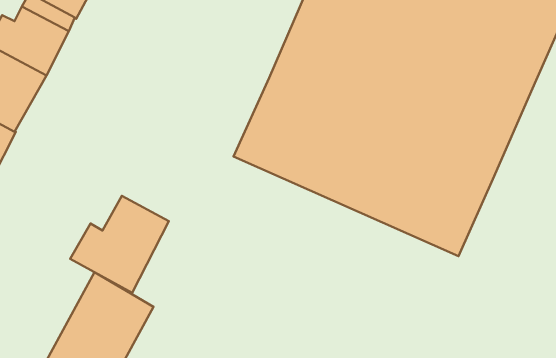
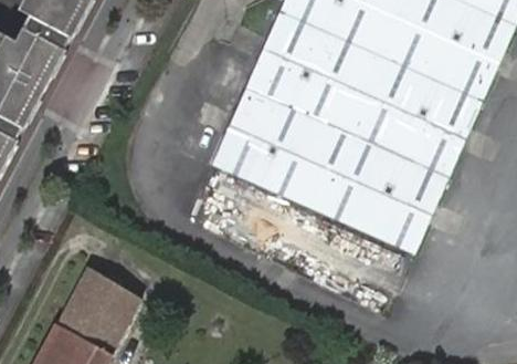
building: [70,196,169,293] -> none

